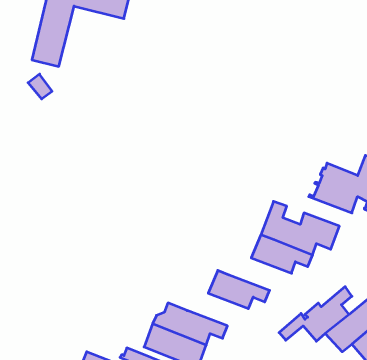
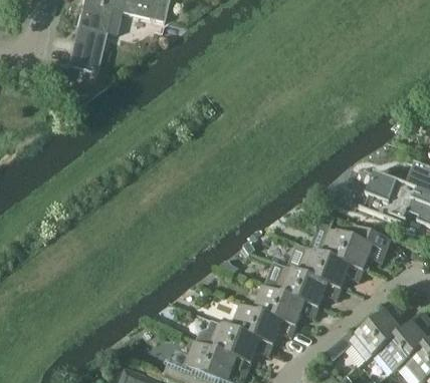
building: none -> [275,266,341,306]
building: none -> [231,304,295,343]

